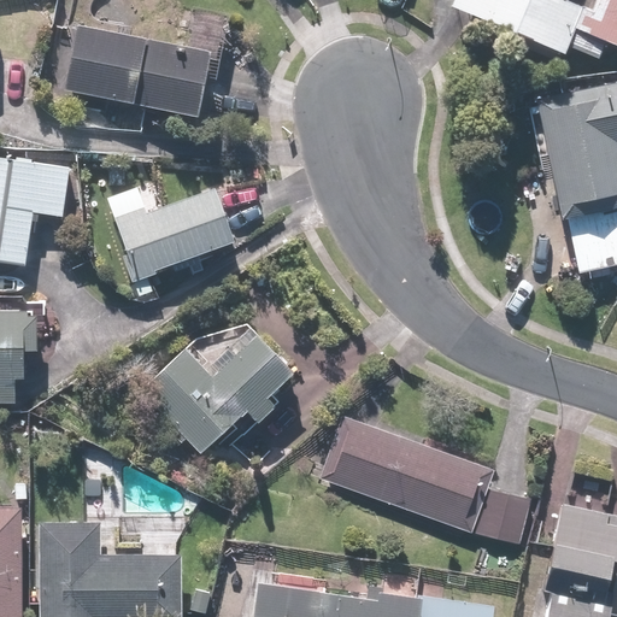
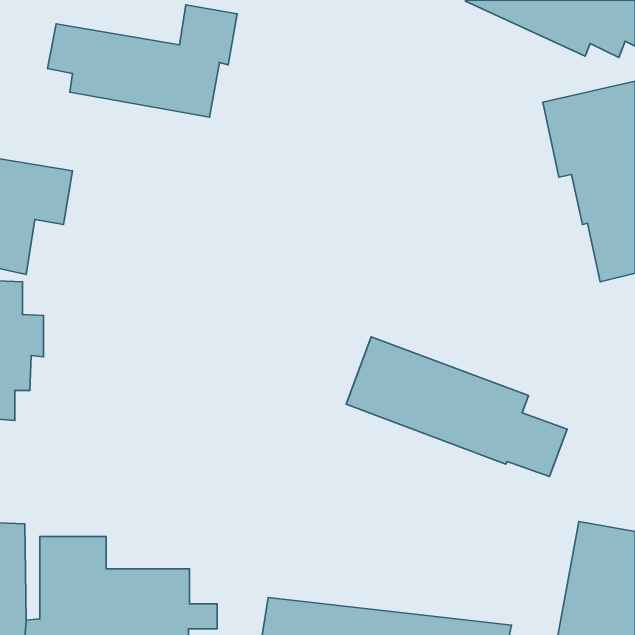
building: [114,186,239,278] -> none
building: [146,327,298,452] -> none
building: [318,412,531,547] -> [346,337,567,476]

